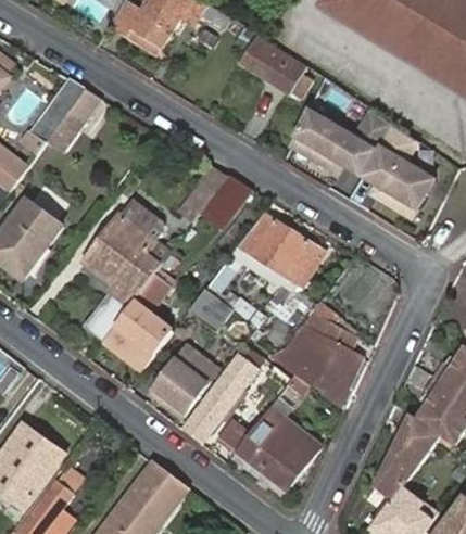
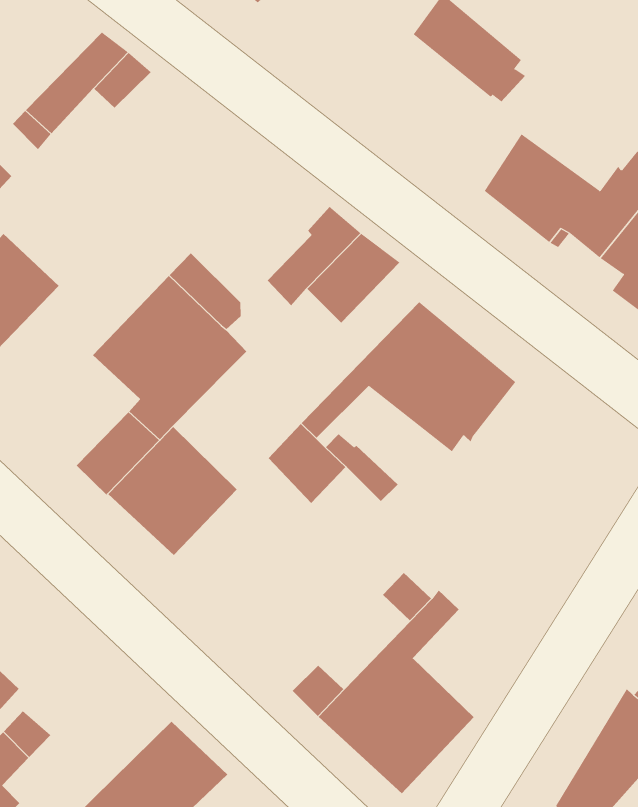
building: [274,309,349,407] -> none
building: [150,345,216,416] -> none
building: [179,347,261,444] -> none

